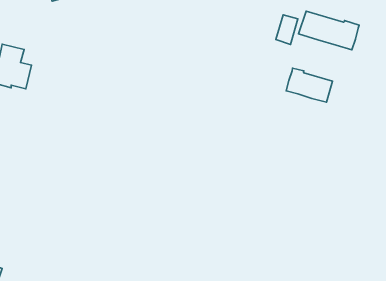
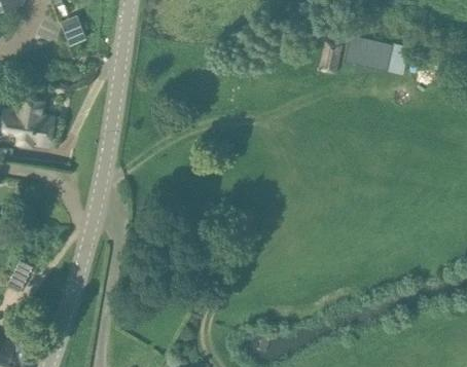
building: [286,68,332,102] -> none

